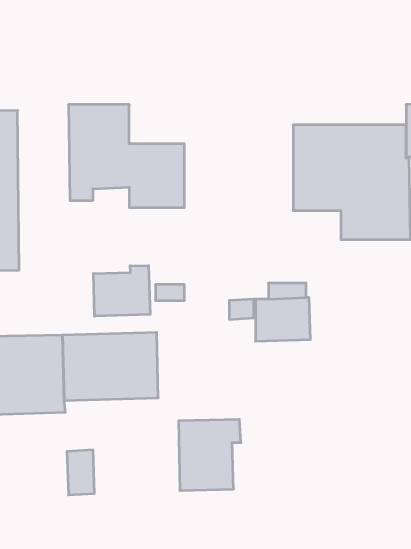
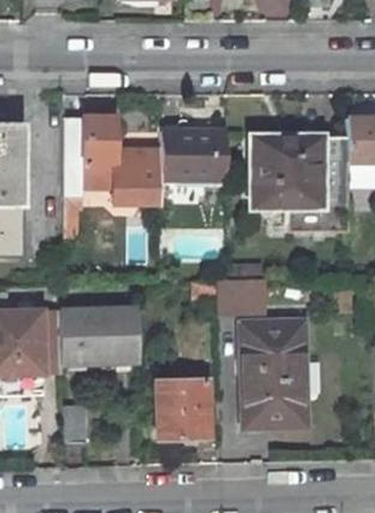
building: none -> [162,131,227,179]
building: [93,266,150,316] -> none
building: none -> [244,323,306,425]

